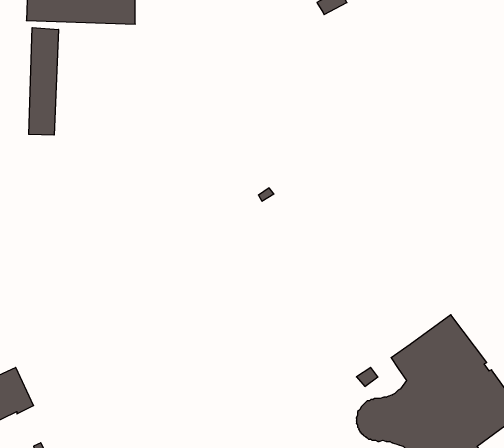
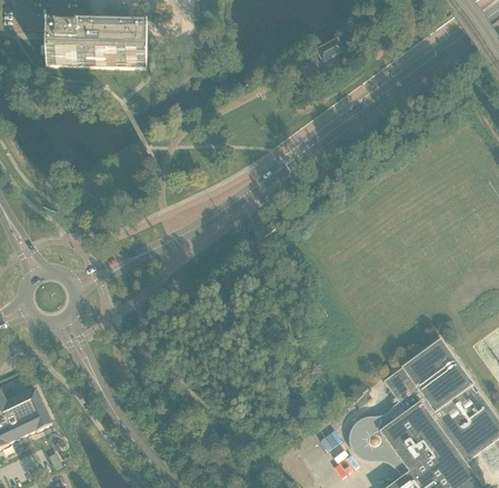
building: [29,28,58,135] -> none

